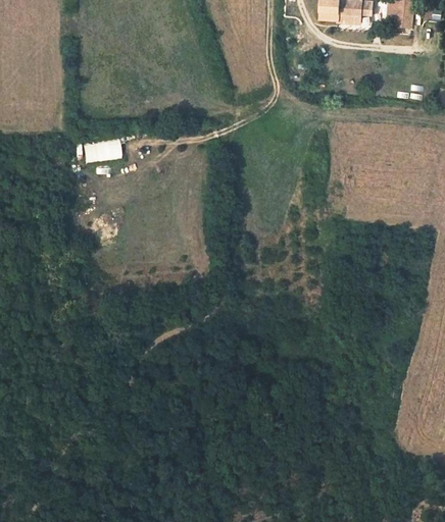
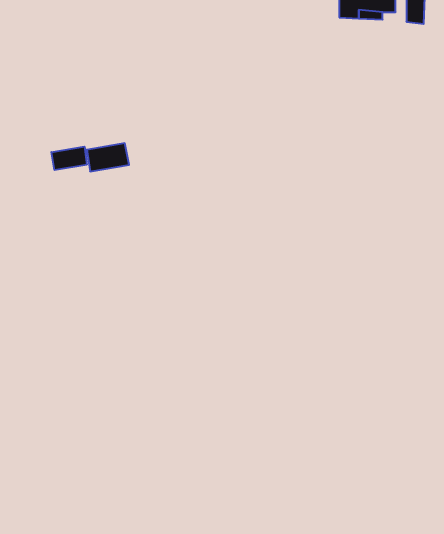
building: none -> [51,147,87,170]

